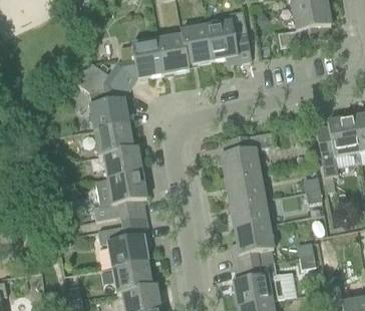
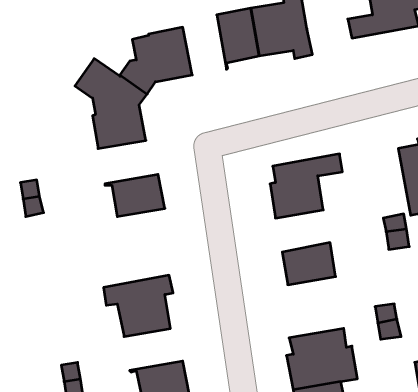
building: [156,29,189,73] -> none
building: [94,121,138,153] -> none
building: [94,172,147,220] -> none
building: [225,173,265,204] -> none
building: [233,222,275,267] -> none
building: [113,260,156,291] -> none

